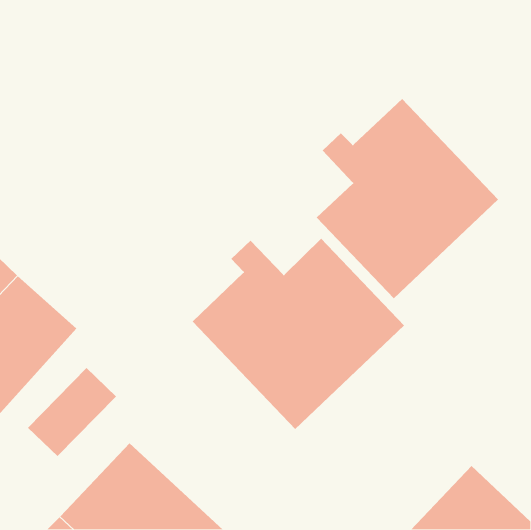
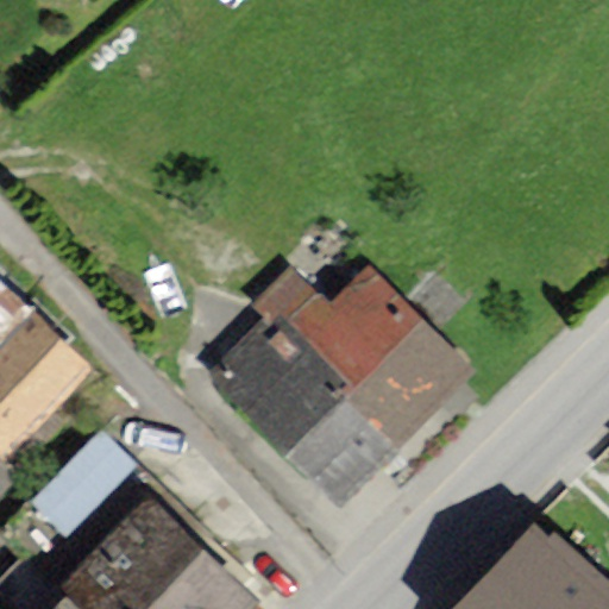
building: [316,98,499,299] -> none

